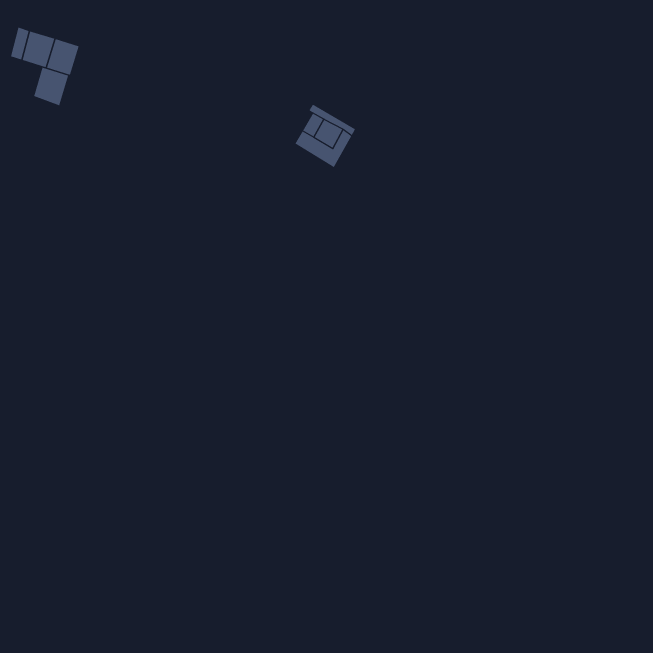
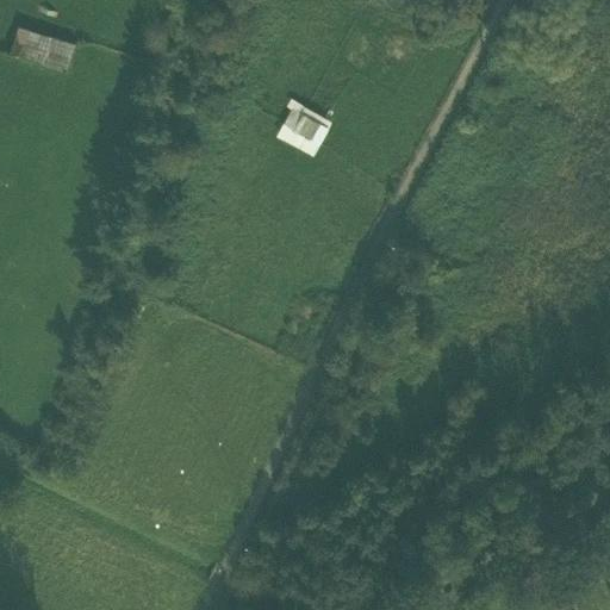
building: [34,67,69,106] -> none

